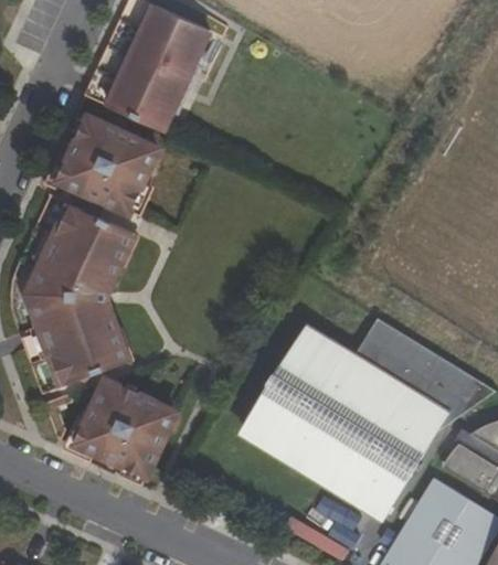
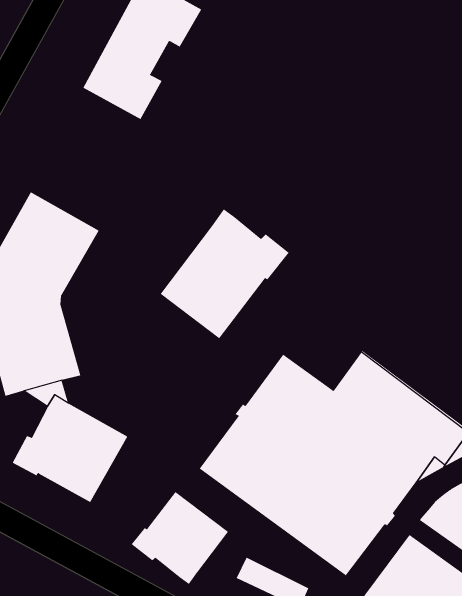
building: [55,115,157,210] -> none
building: none -> [160,209,289,339]
building: none -> [131,491,229,585]

